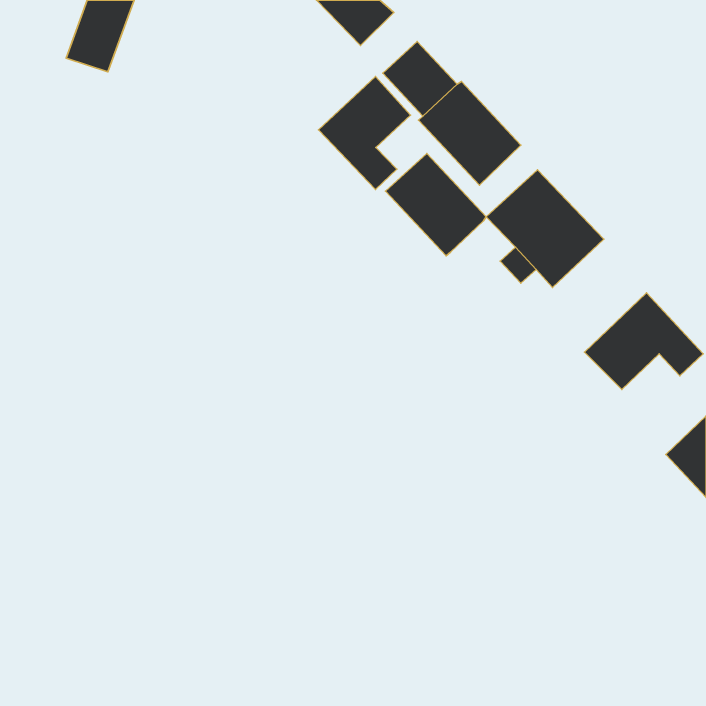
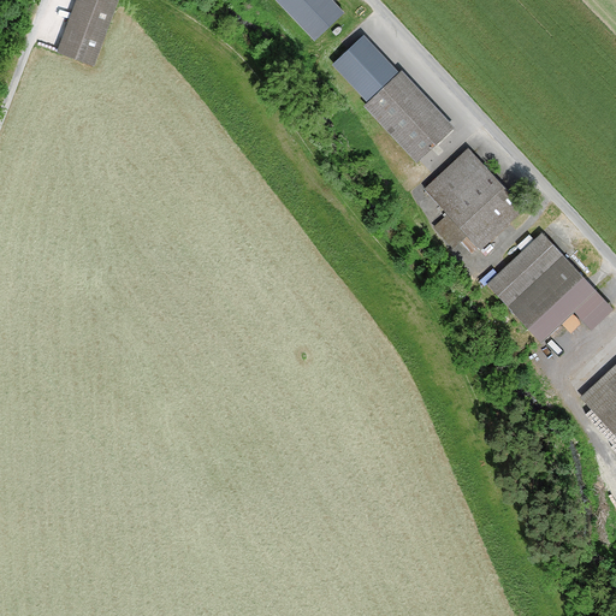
building: [318,76,411,190] -> none
building: [386,154,486,256] -> none
building: none -> [487,232,563,307]

